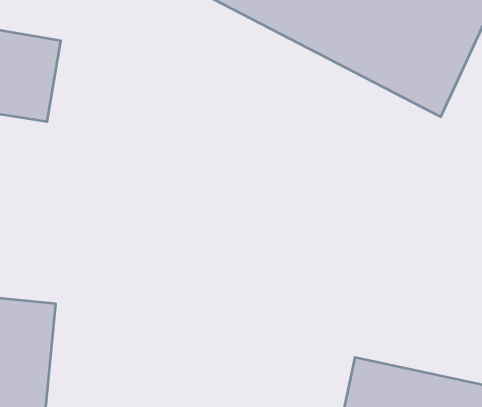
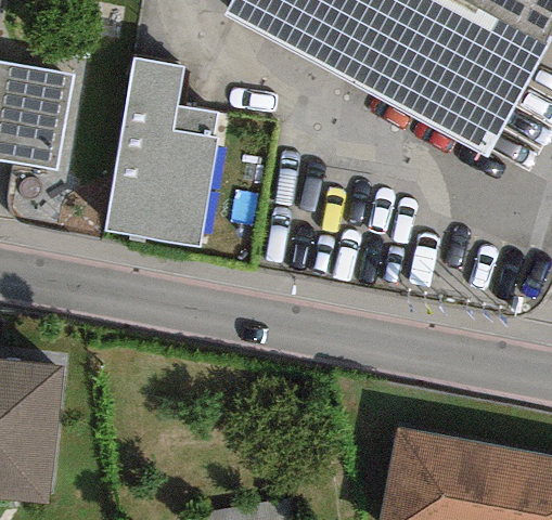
building: none -> [104,58,224,246]

